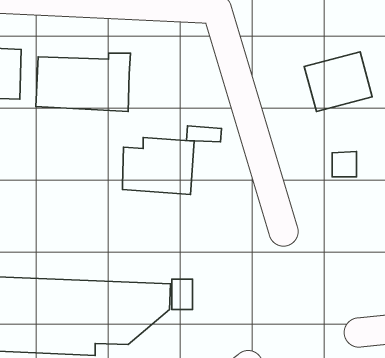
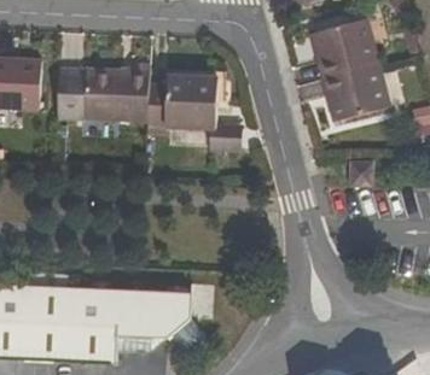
building: none -> [310,18,377,76]
building: [122,137,194,195] -> [146,74,217,130]

